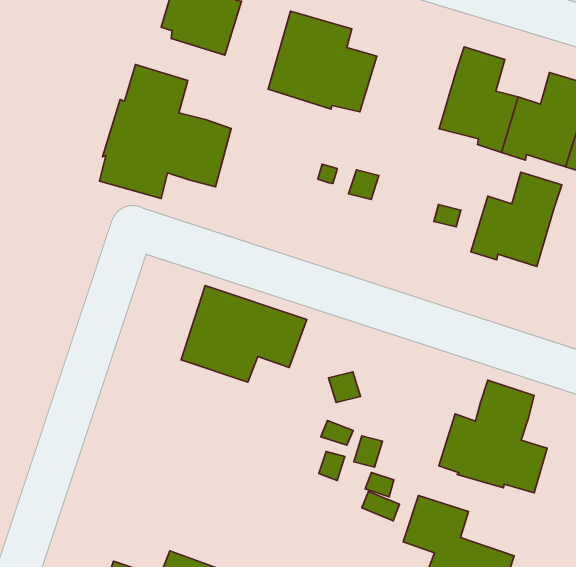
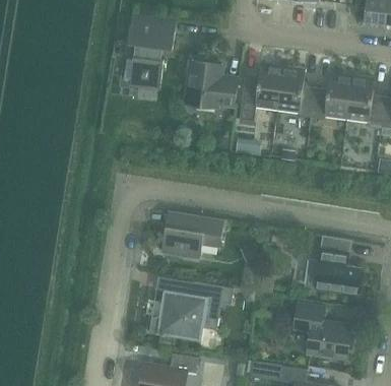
building: [99,65,231,199] -> none
building: [471,172,562,266] -> [242,62,283,110]
building: none -> [149,282,235,341]

